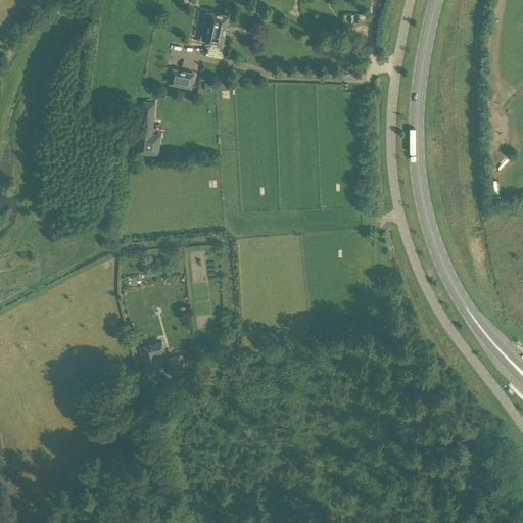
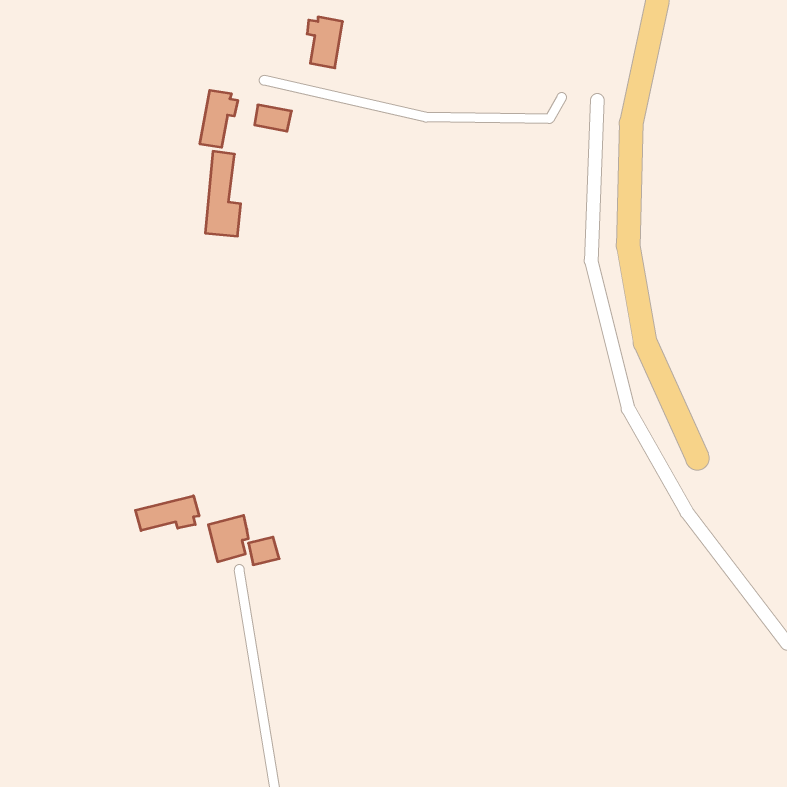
building: none -> [200,90,238,147]
building: none -> [135,496,199,531]

